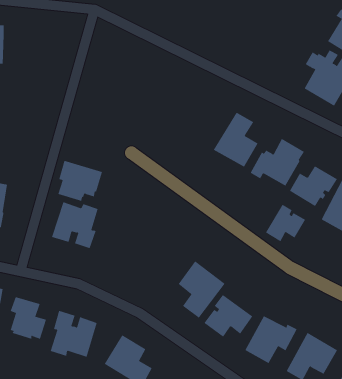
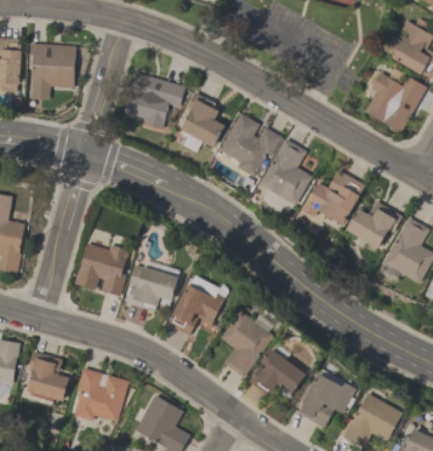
building: none -> [29,42,75,99]
building: none -> [124,72,186,127]
building: none -> [181,91,226,147]
building: none -> [220,112,281,176]
building: [57,160,103,201] -> [126,263,178,310]
building: [265,204,306,242] -> none
building: none -> [169,274,229,335]

